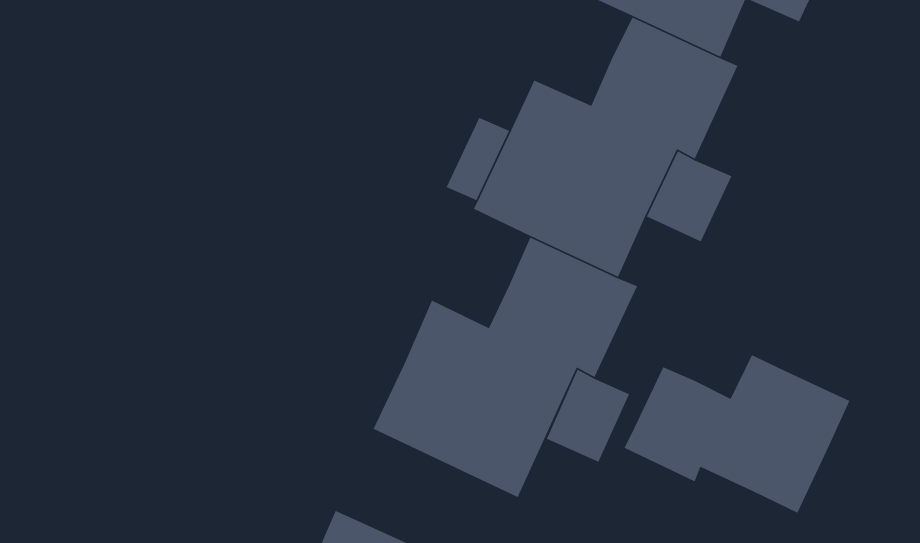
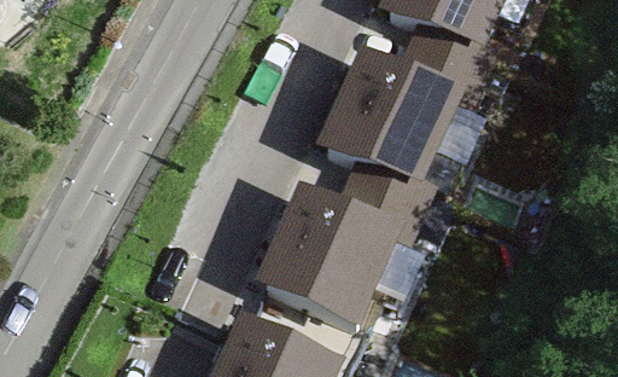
building: [624,354,851,514] -> none

